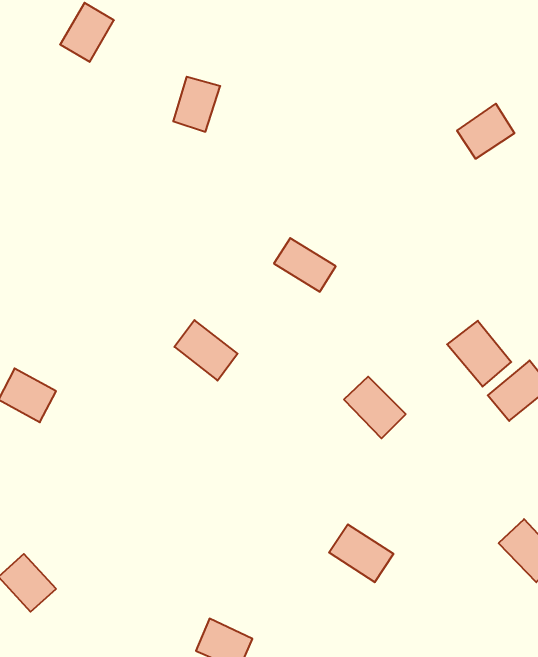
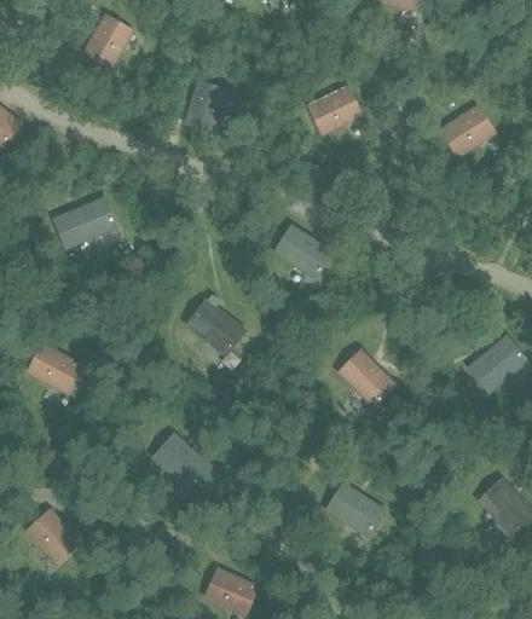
building: none -> [308,86,360,133]
building: none -> [53,198,115,248]
building: [447,321,511,387] -> none
building: none -> [152,434,210,488]

